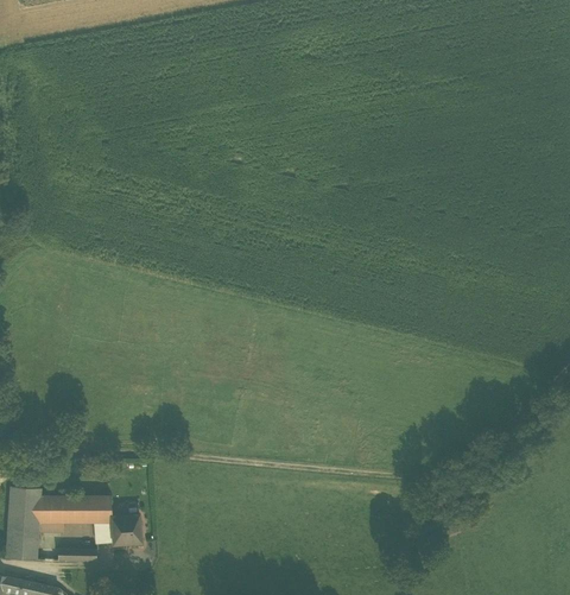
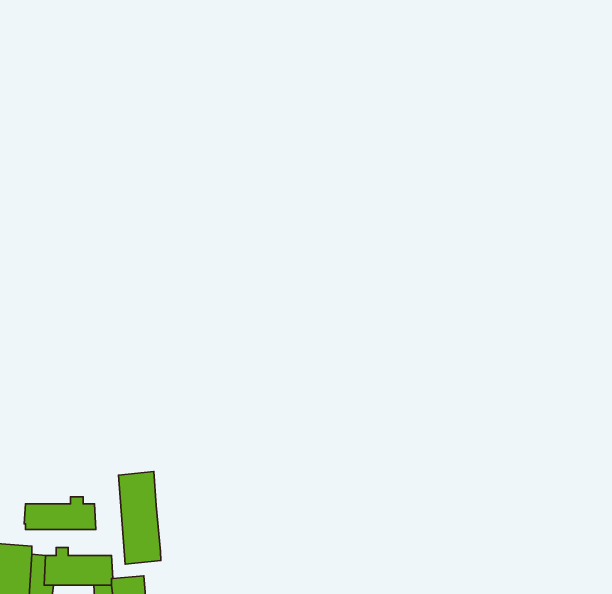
building: none -> [118,472,161,564]
building: none -> [24,497,96,530]

